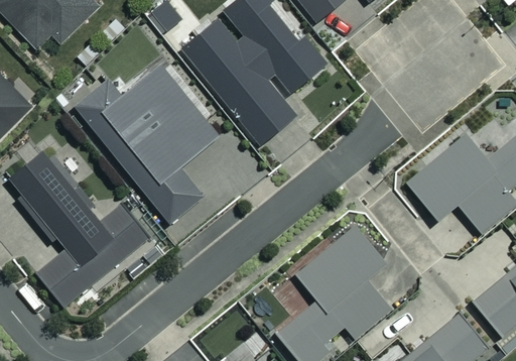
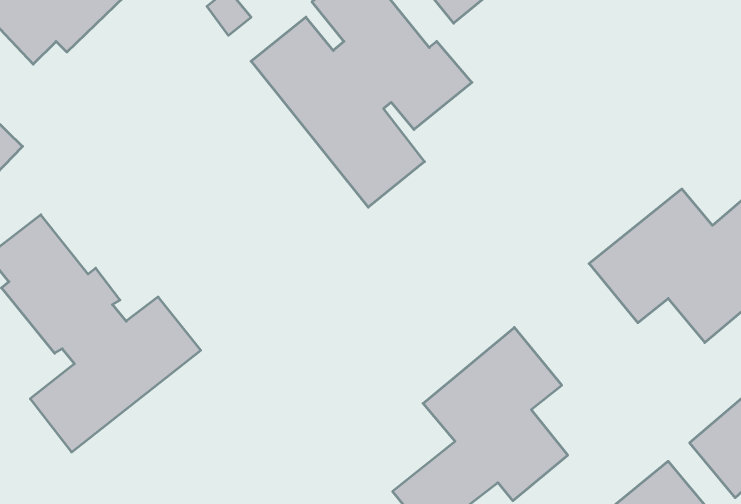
building: [73,64,218,224] -> none

